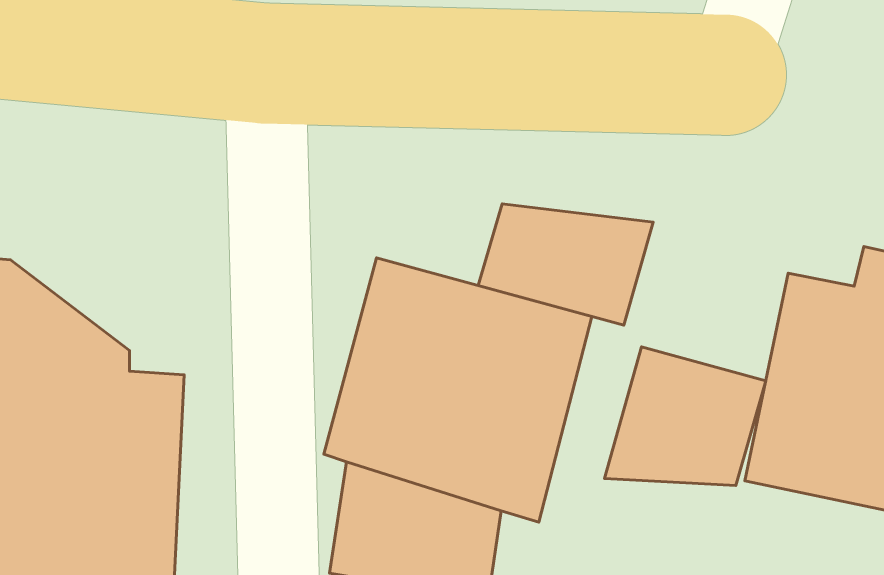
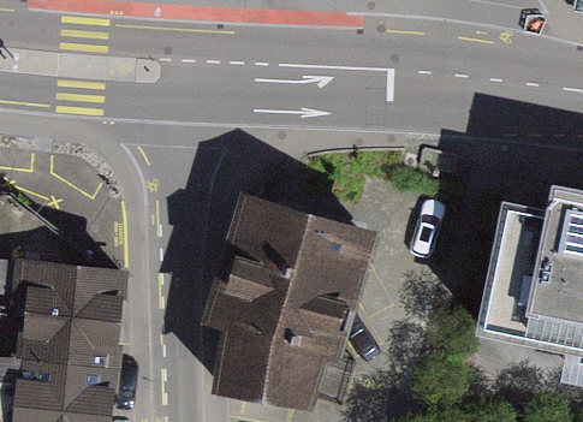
building: [478,204,653,325] -> none
building: [605,347,766,485] -> none

